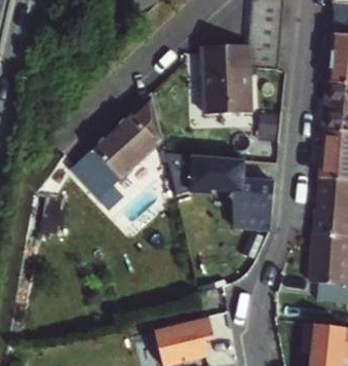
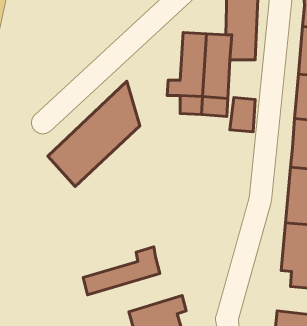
building: [176,155,277,233] -> none
building: none -> [83,247,160,295]

